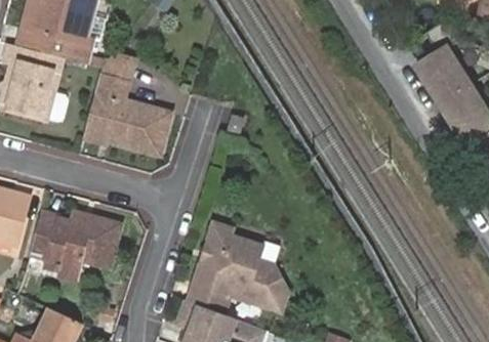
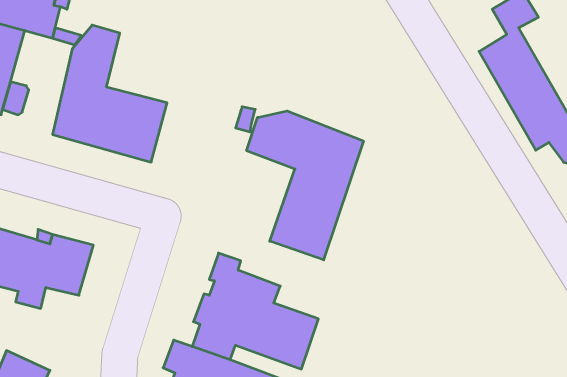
building: none -> [247,111,363,260]

